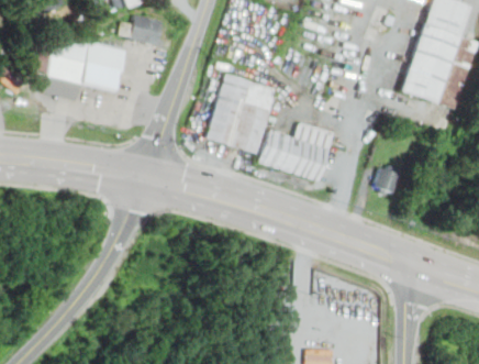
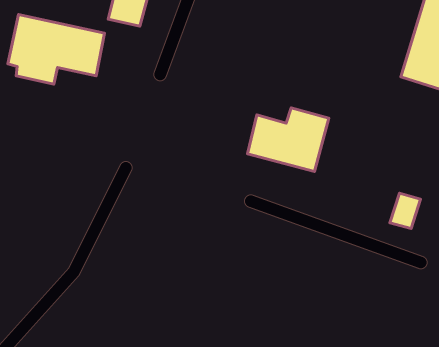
building: [205,73,275,154] -> none
building: [372,162,401,195] -> [390,193,421,229]

